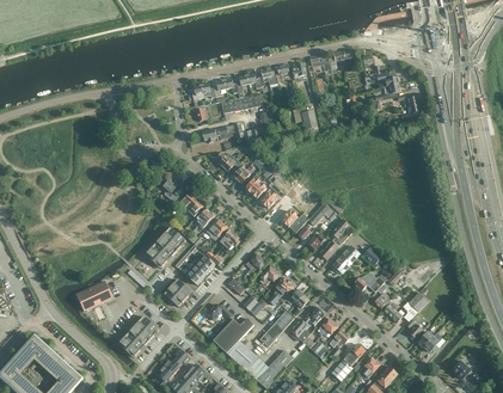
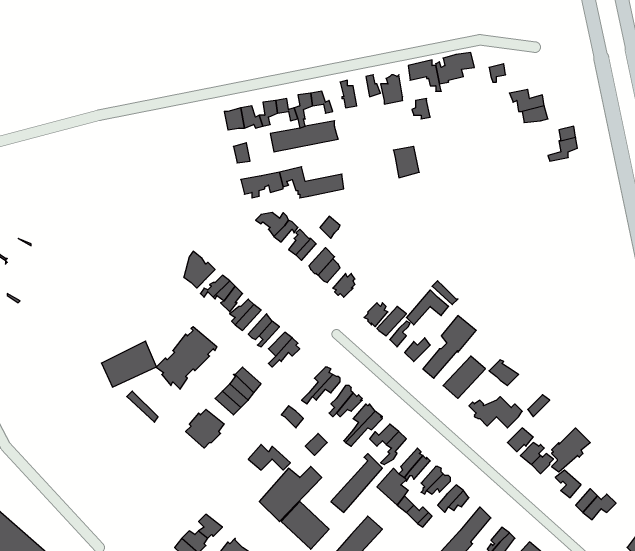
building: [75,280,111,309] -> [101,341,157,387]
building: [119,315,158,355] -> none

